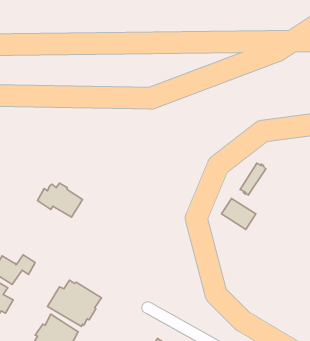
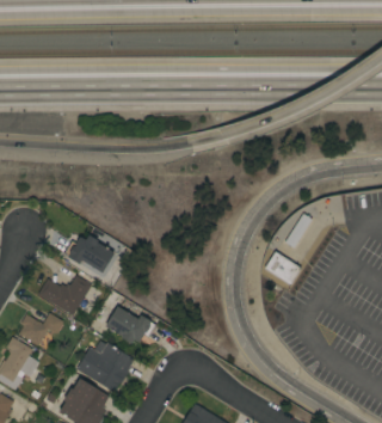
building: none -> [37,275,91,315]
building: none -> [105,306,155,344]

